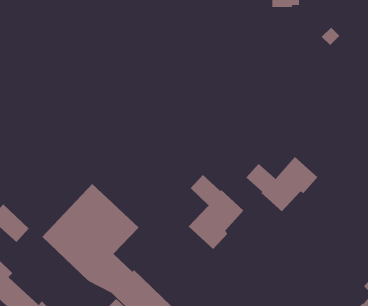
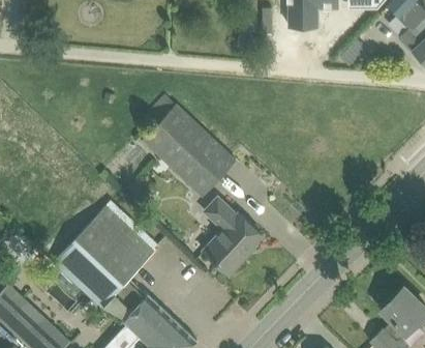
building: none -> [143,95,236,197]
building: [245,156,318,212] -> none

